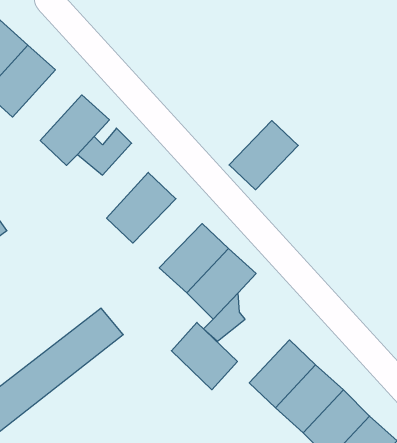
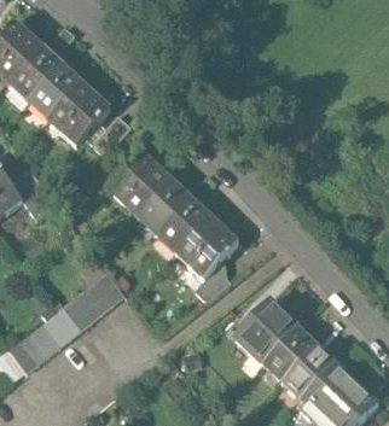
building: none -> [30,65,91,127]
building: [229,121,298,190] -> [135,177,196,238]
building: [171,322,237,390] -> none

